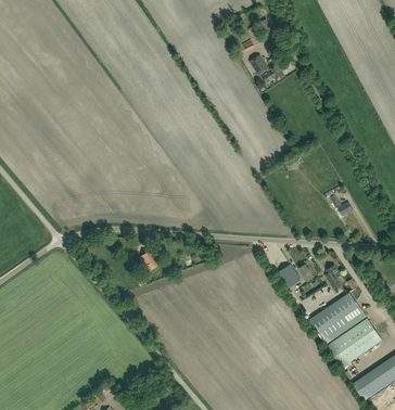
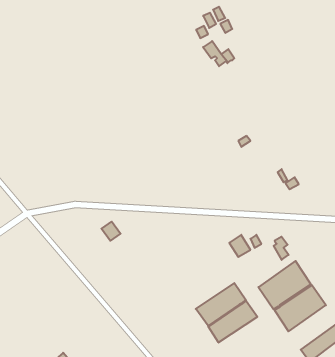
building: none -> [196,283,257,343]

